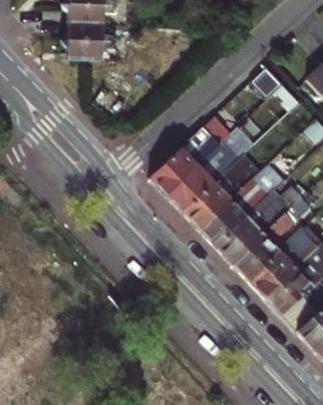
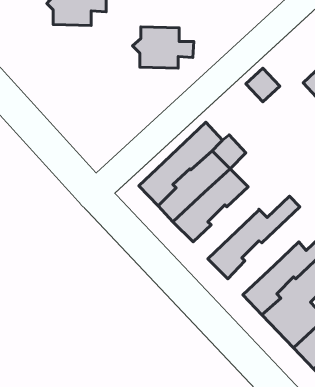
building: [61,25,119,64] -> [133,27,194,68]
building: [202,164,285,247] -> none
building: [235,193,312,281] -> none

